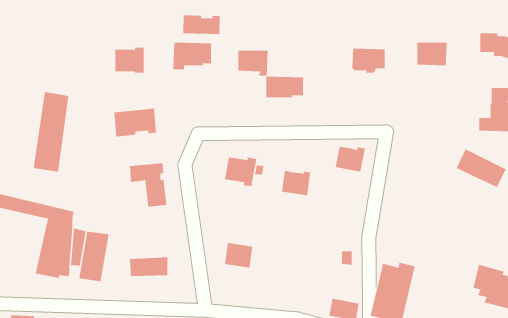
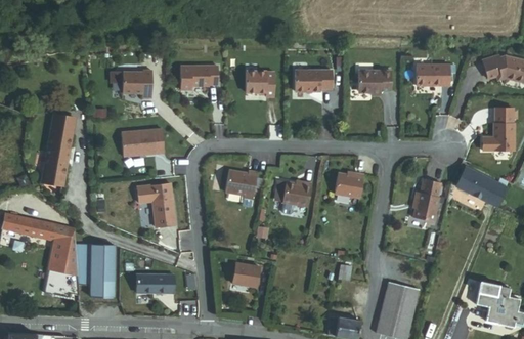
building: [183,15,220,35] -> none
building: [265,76,304,98] -> [293,68,331,89]
building: none -> [419,174,447,219]

